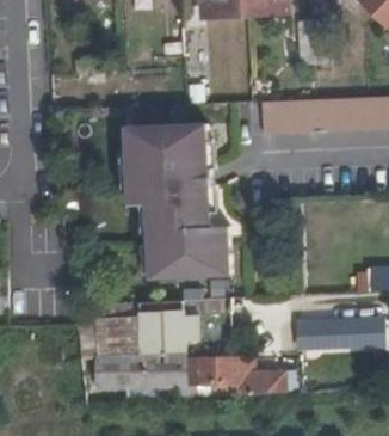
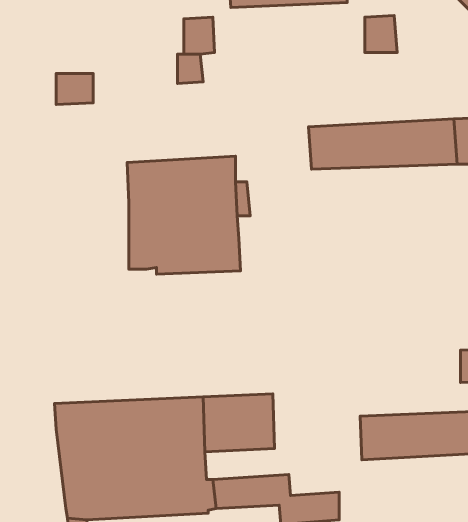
building: [147,209,230,278] -> none

